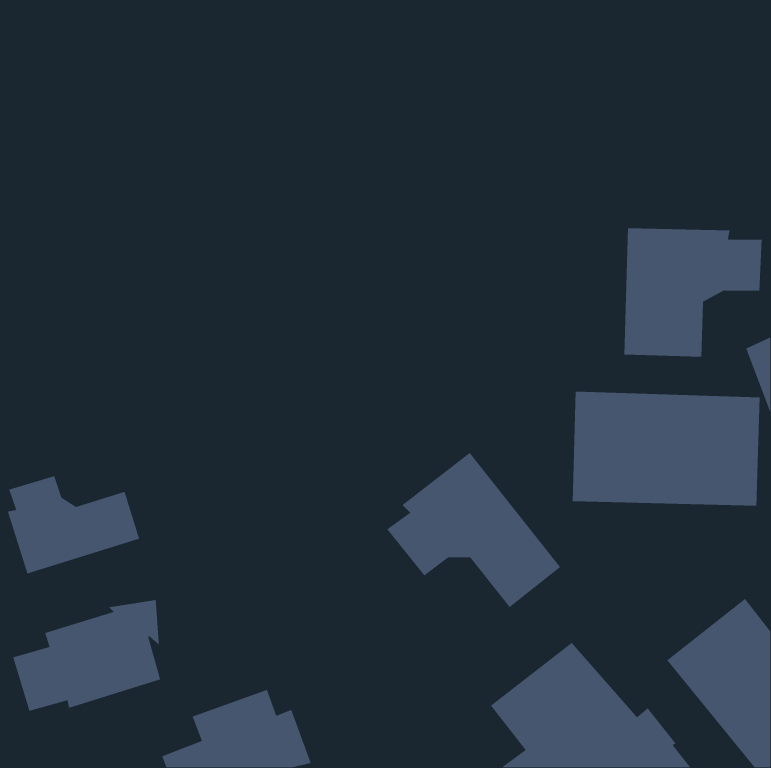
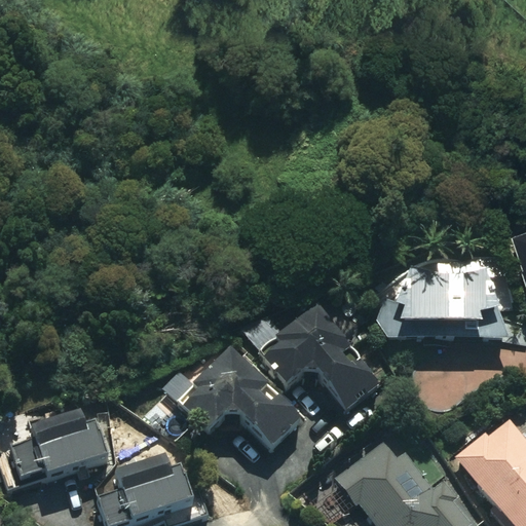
building: [624,227,762,358] -> none
building: [7,475,140,574] -> none
building: none -> [183,347,302,451]

